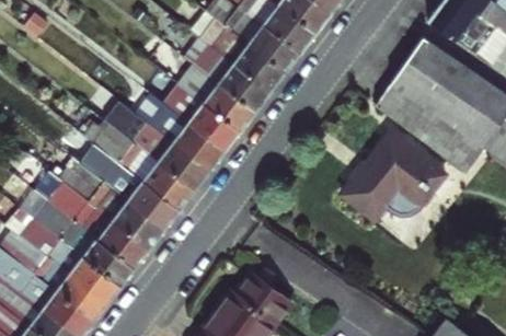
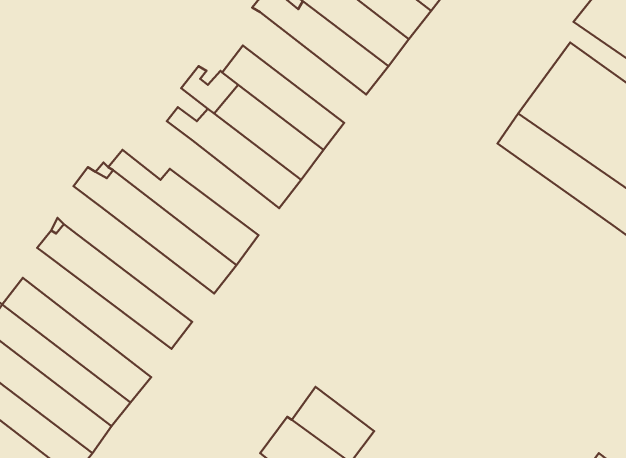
building: [196,13,285,90] -> none
building: [149,102,225,167] -> none
building: [342,129,447,219] -> none
building: [85,148,180,228] -> none
building: [47,179,150,266] -> none

